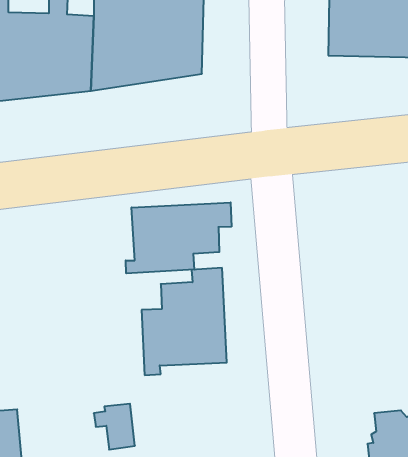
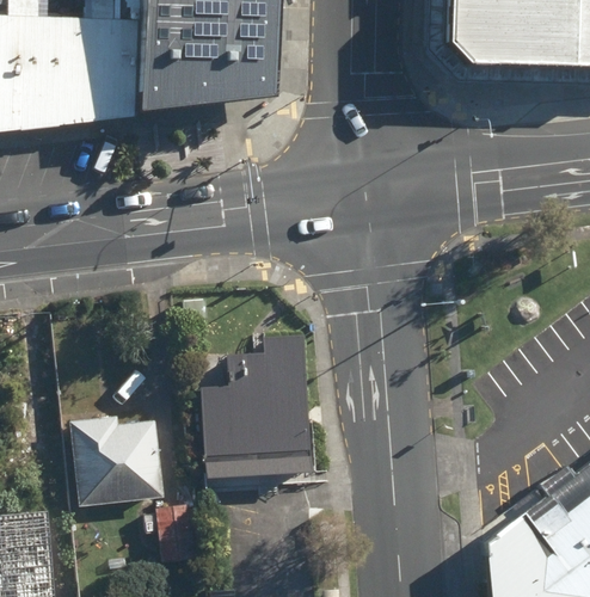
building: [126,202,231,273] -> none
building: none -> [69,417,164,506]

